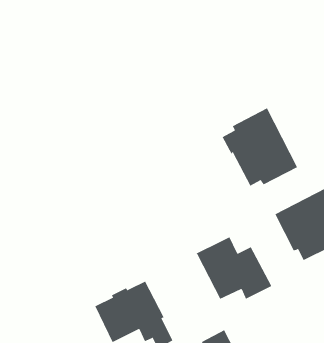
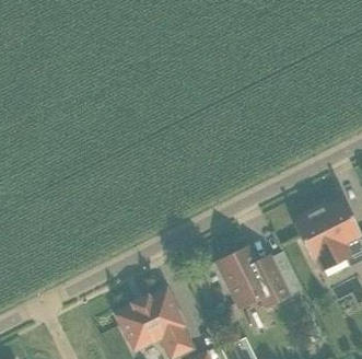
building: [222,107,298,186] -> none

